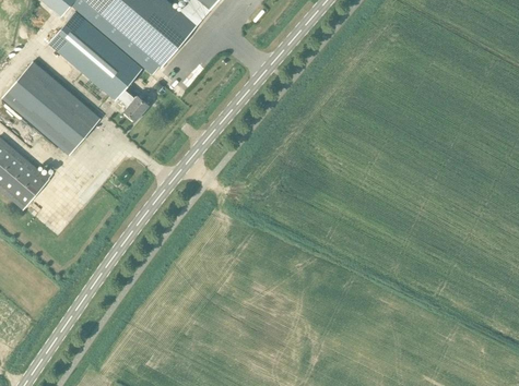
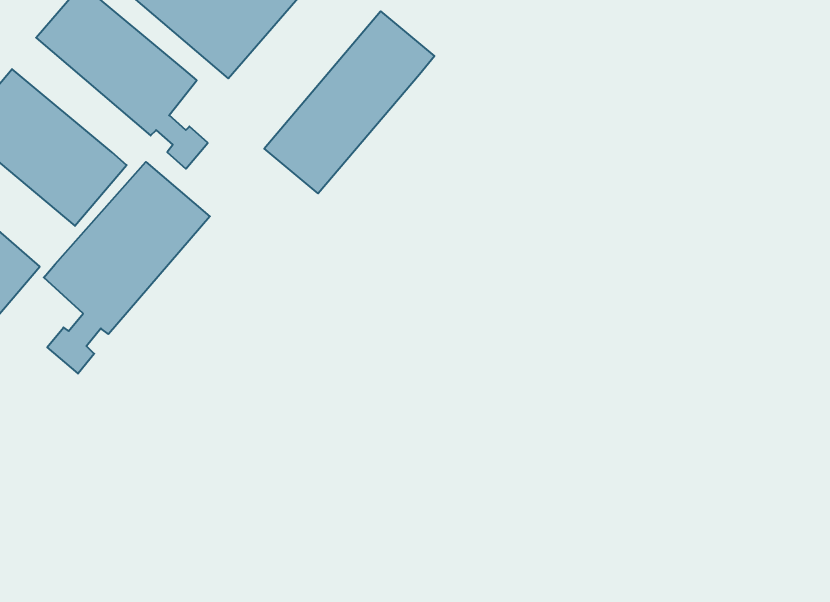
building: none -> [264,11,434,193]
building: none -> [44,162,210,374]

